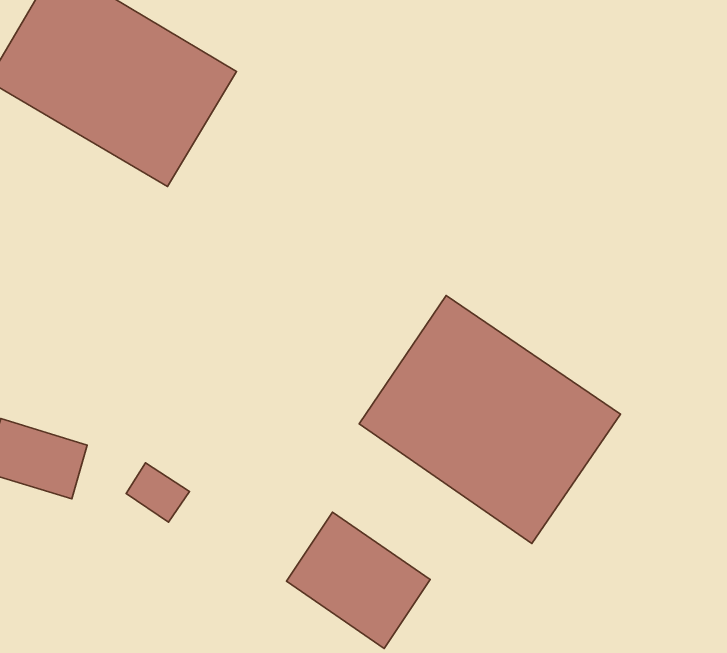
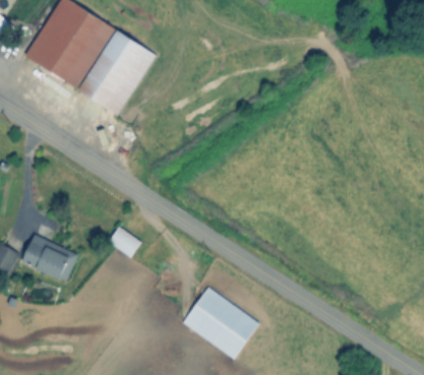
building: [359,295,621,543] -> none
building: [126,463,189,522] -> [109,226,142,257]

